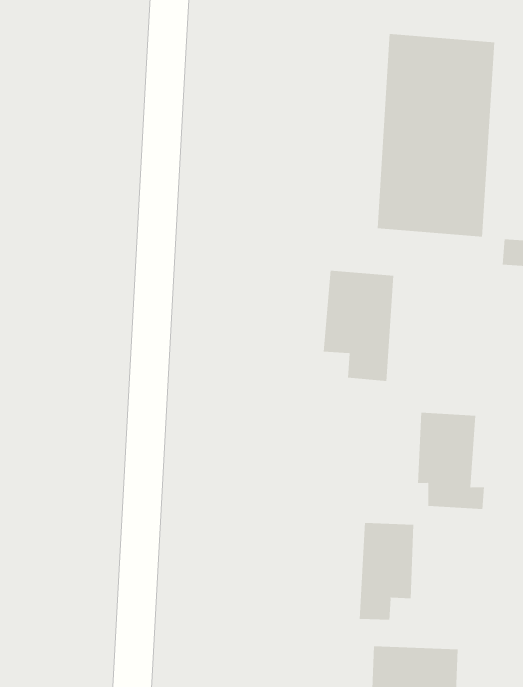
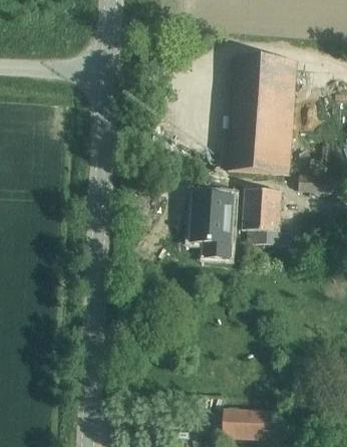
building: [417,412,485,510] -> [243,188,282,244]
building: [359,522,414,620] -> none

